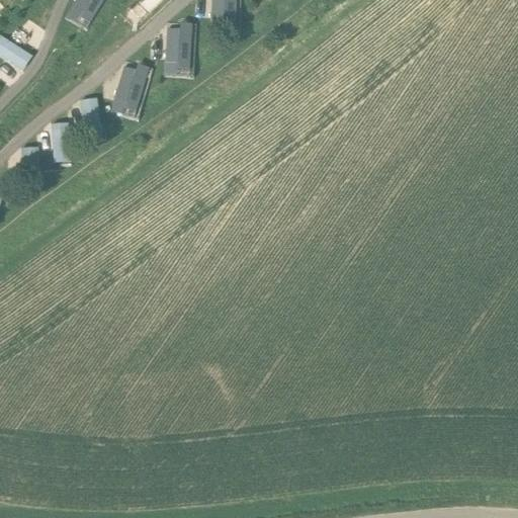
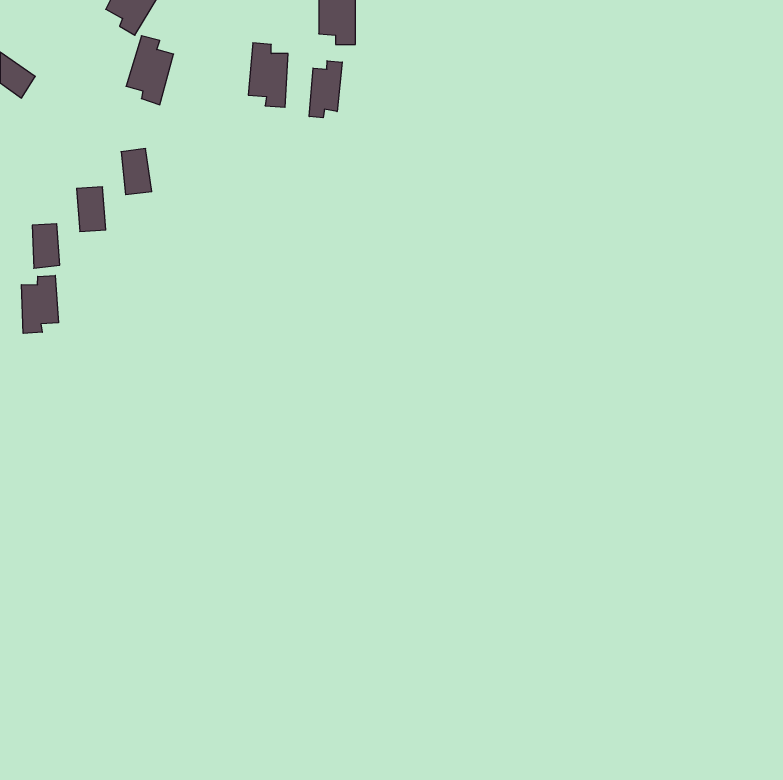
building: none -> [309,61,342,118]
building: [114,67,146,112] -> [126,36,174,105]
building: none -> [22,275,58,333]

